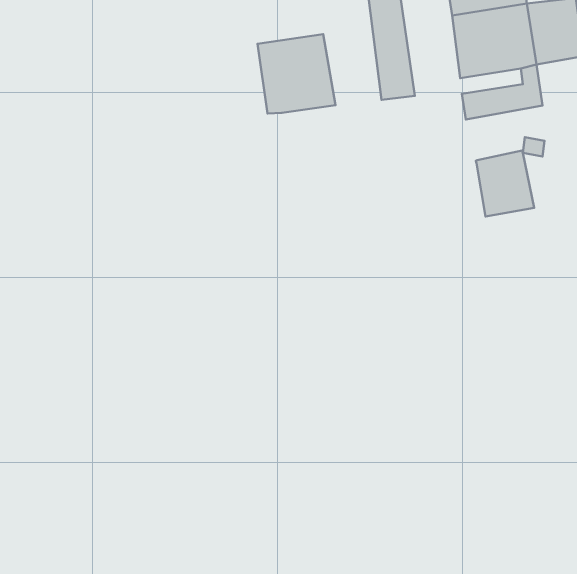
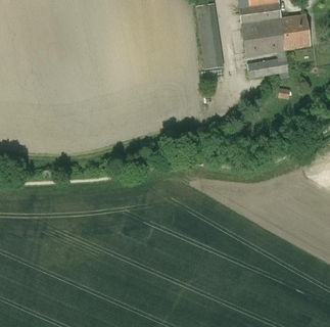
building: [257,34,335,113] -> none
building: [476,151,534,217] -> none

